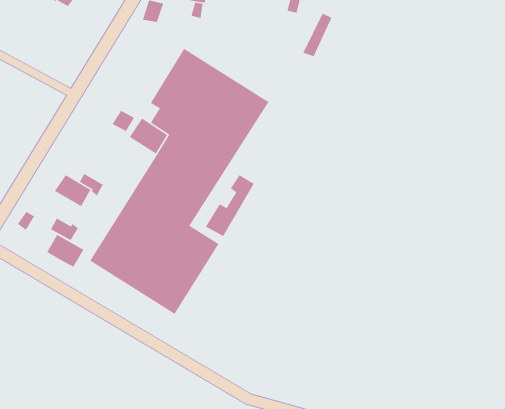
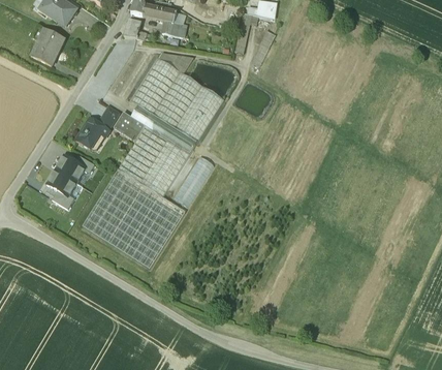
building: none -> [31,29,62,65]
building: none -> [74,118,108,147]
building: [46,234,84,268] -> [46,169,76,196]

